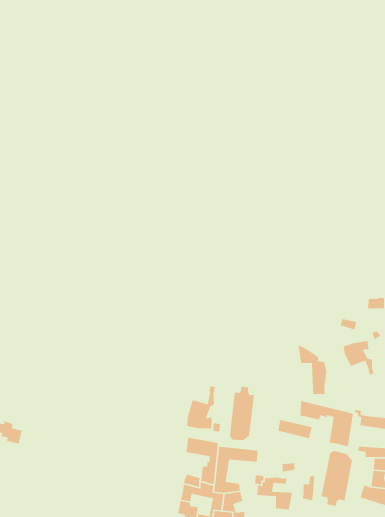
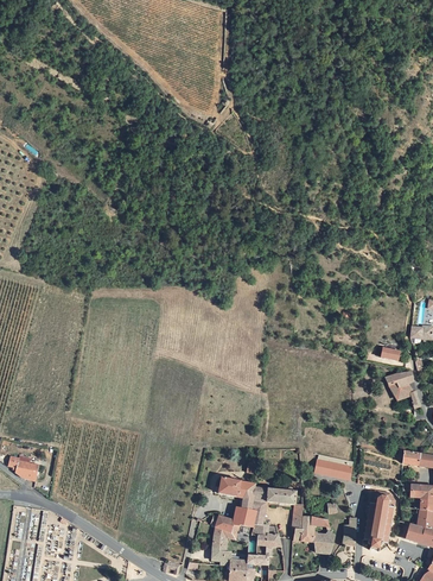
building: [298,345,327,395] -> none
building: [187,385,216,429] -> none
building: [229,386,255,441] -> none
building: [300,400,354,447] -> none

